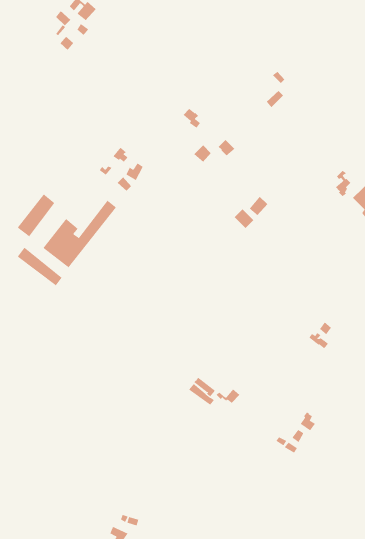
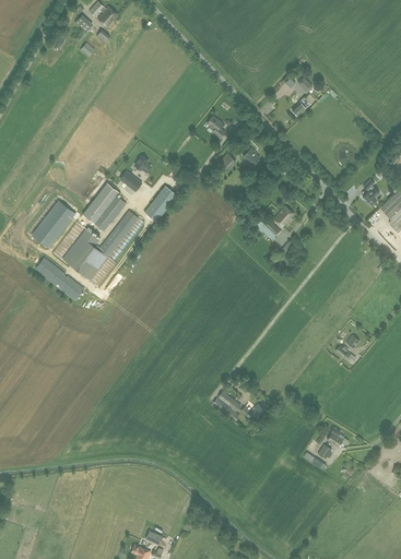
building: none -> [82,182,125,230]
building: none -> [143,186,176,222]

